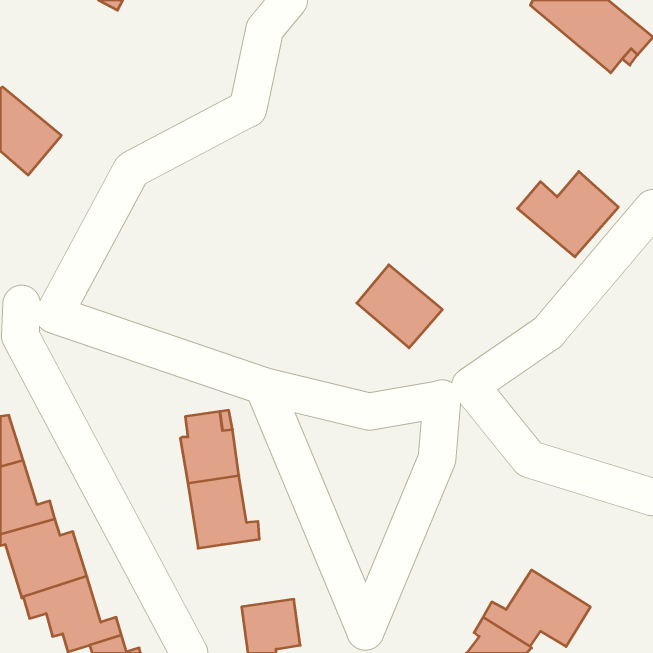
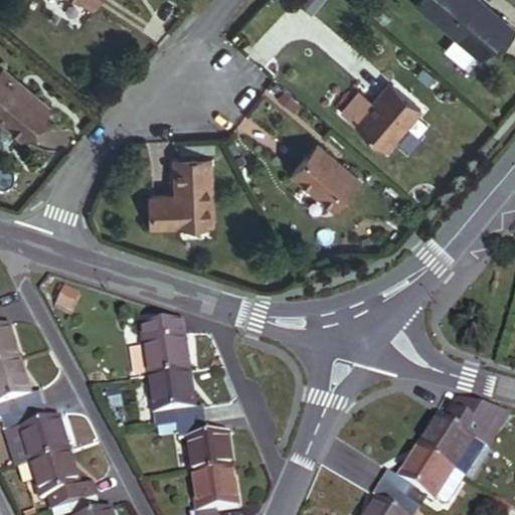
building: [517,171,618,257] -> [341,82,420,150]
building: none -> [149,158,212,227]
building: [357,265,442,348] -> [292,144,359,209]
building: none -> [418,402,505,478]
building: none -> [175,424,231,478]

